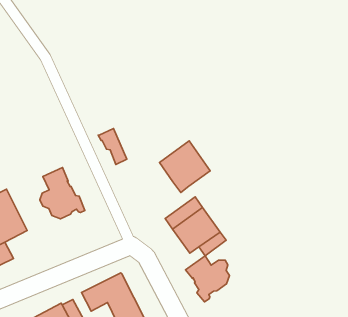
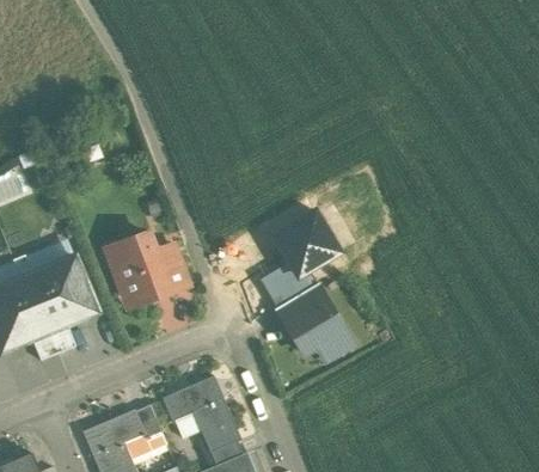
building: [98,128,127,164] -> [153,245,188,292]
building: none -> [259,263,317,309]
building: [186,256,230,302] -> none

